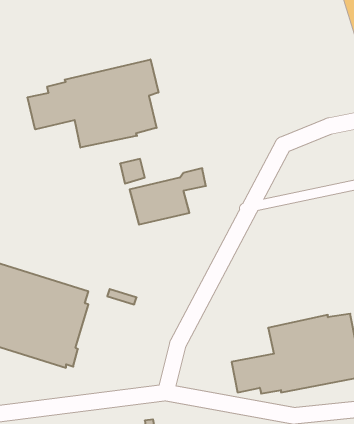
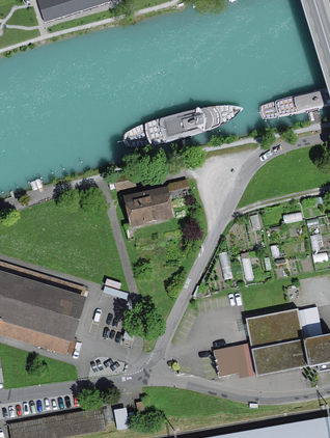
building: [28,59,158,148] -> none

